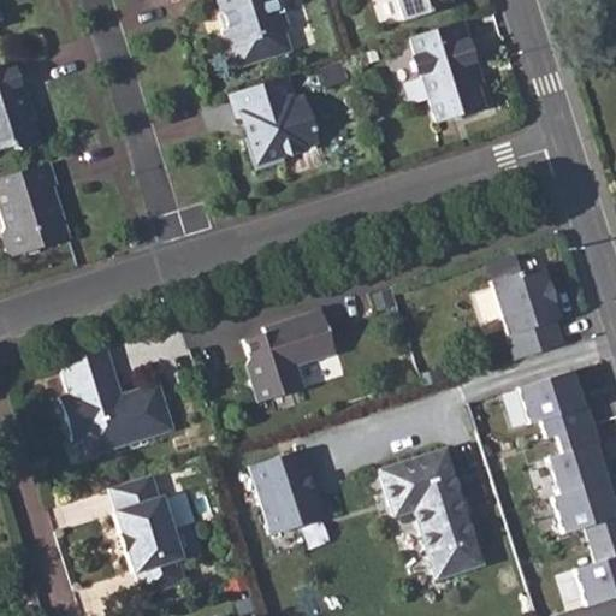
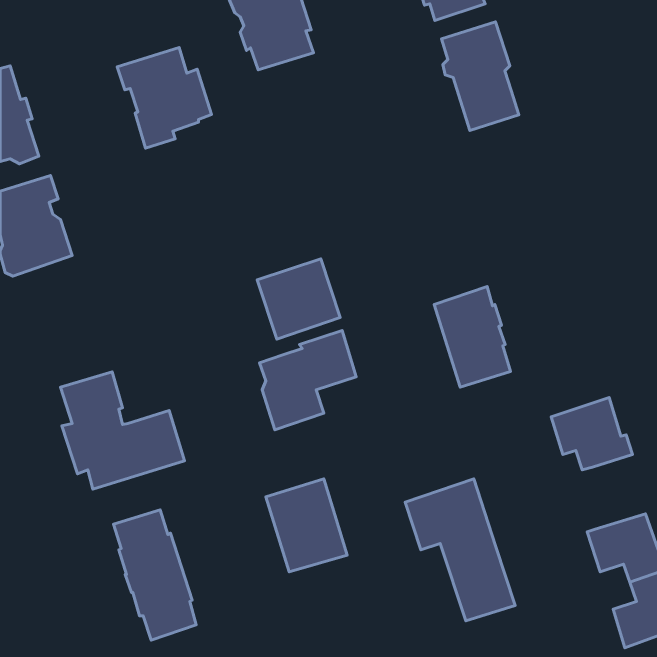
building: [233,76,321,170] -> [117,47,211,148]
building: none -> [257,259,340,339]
building: [493,266,564,360] -> [434,286,510,387]
building: [545,424,604,493] -> none

